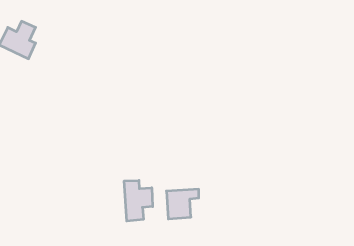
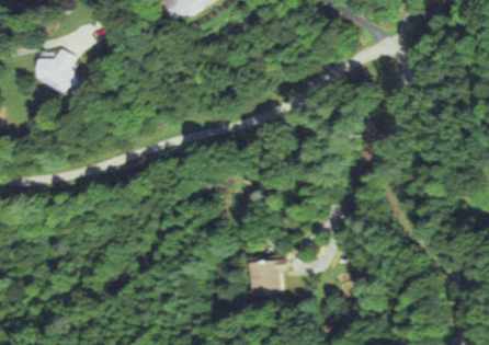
building: [124,180,153,221] -> none

